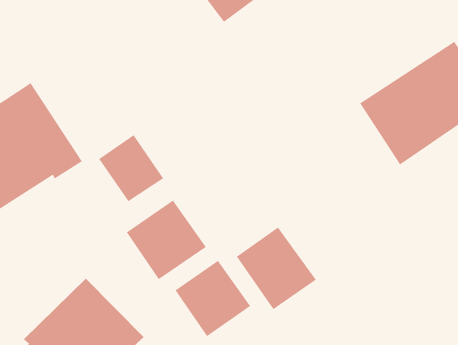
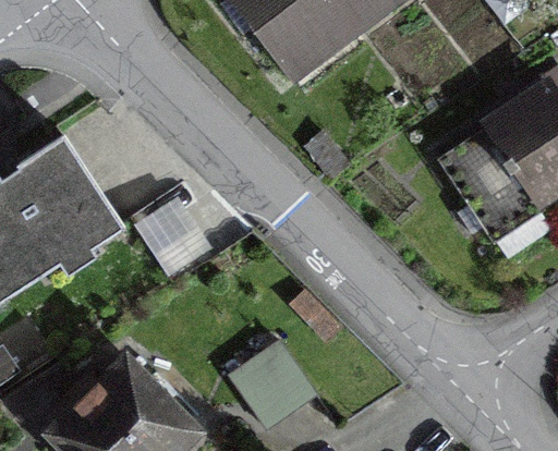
building: [126,200,207,280] -> none
building: [236,226,317,310] -> none

